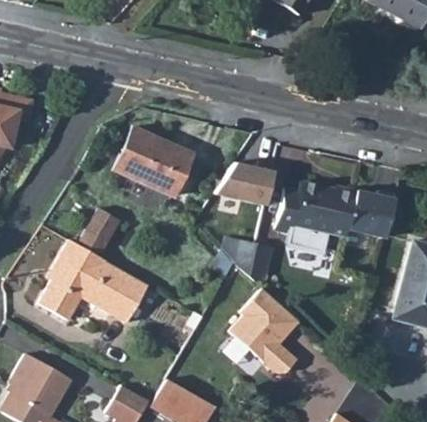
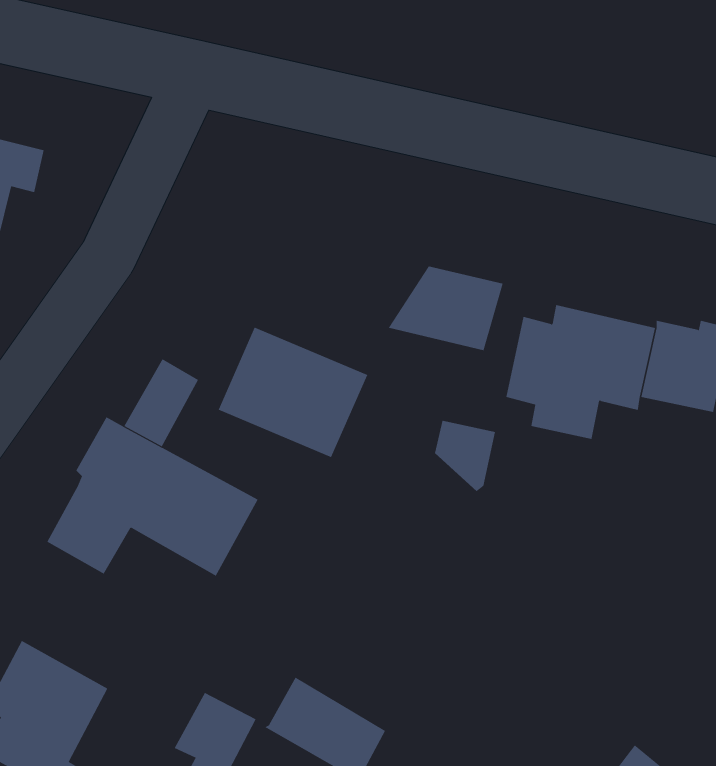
building: [115,127,193,195] -> [218,327,368,458]
building: [230,284,299,369] -> none

